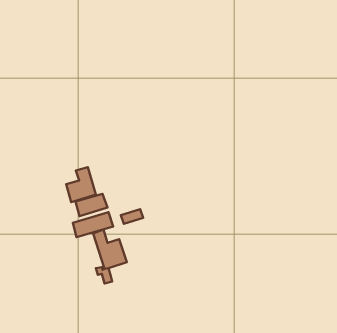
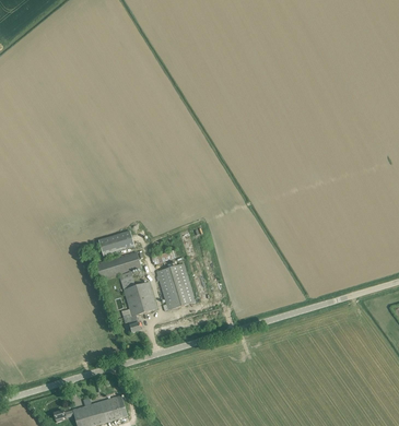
building: [66,167,96,202] -> none
building: none -> [156,263,195,310]

